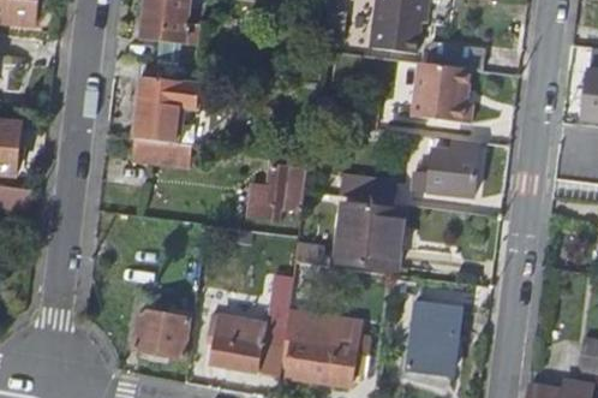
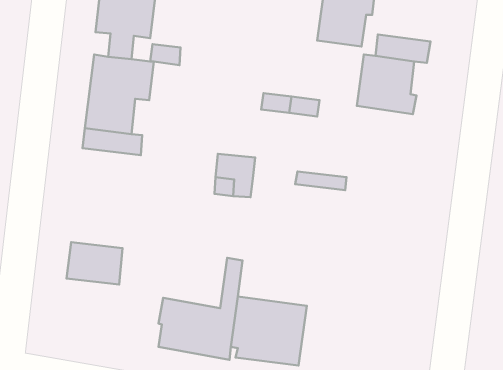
building: [413,138,480,196] -> none
building: [336,204,405,268] -> none
building: [405,299,460,375] -> none
building: [131,313,189,356] -> [66,242,123,284]

